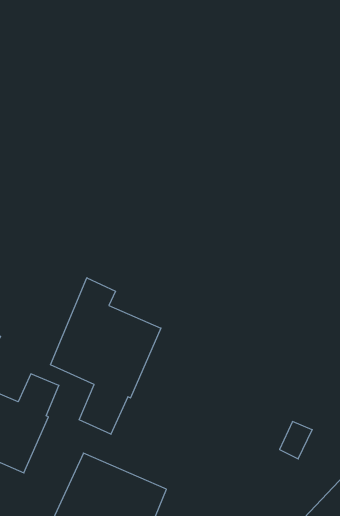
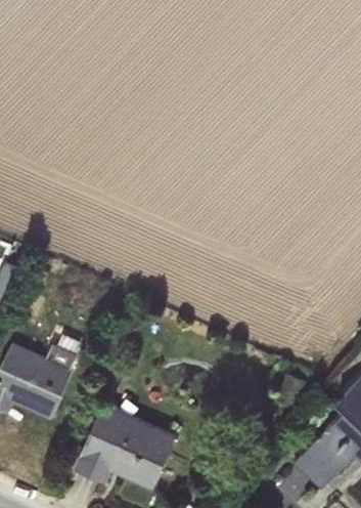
building: [50,278,161,434] -> none

